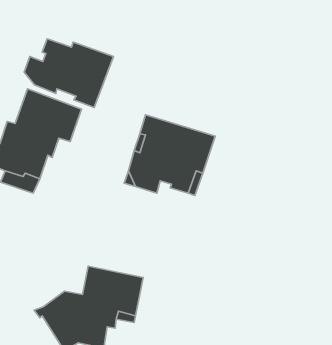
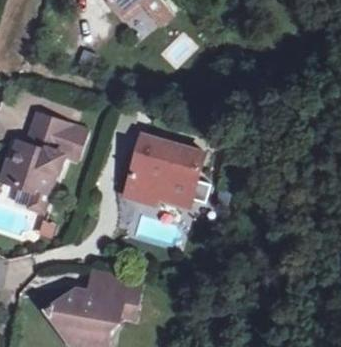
building: [24,39,113,108] -> none

